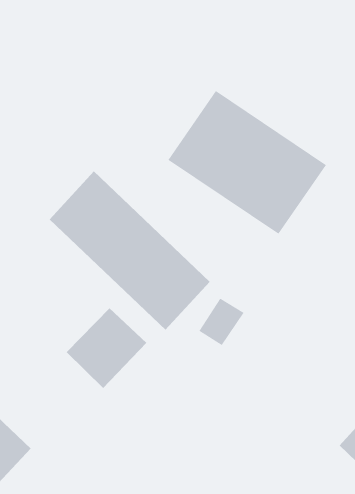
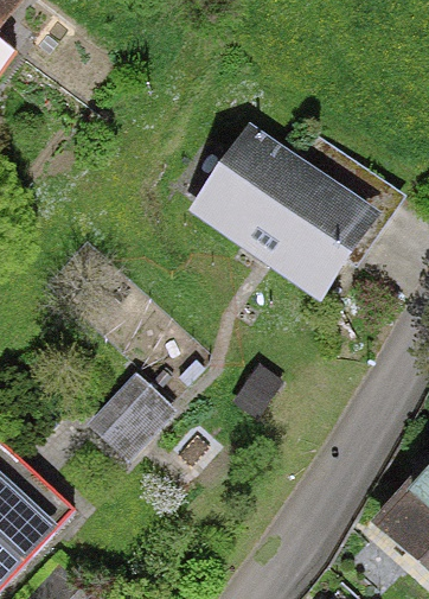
building: [49,170,210,331] -> none

